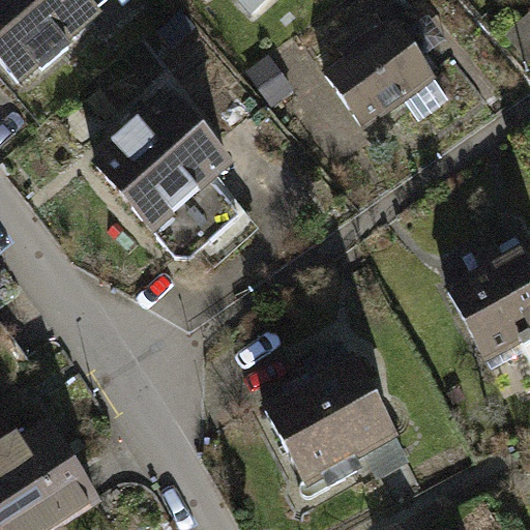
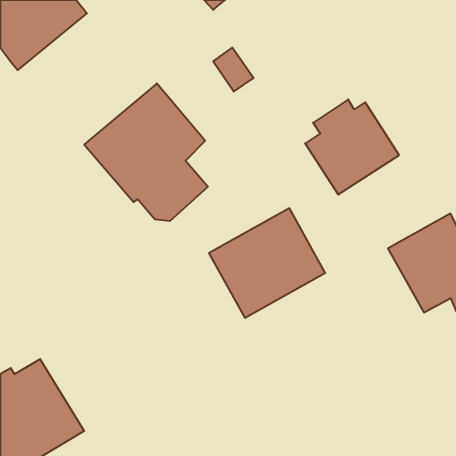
building: [329,23,438,132] -> [305,99,399,195]
building: [265,361,400,488] -> [209,208,325,318]

